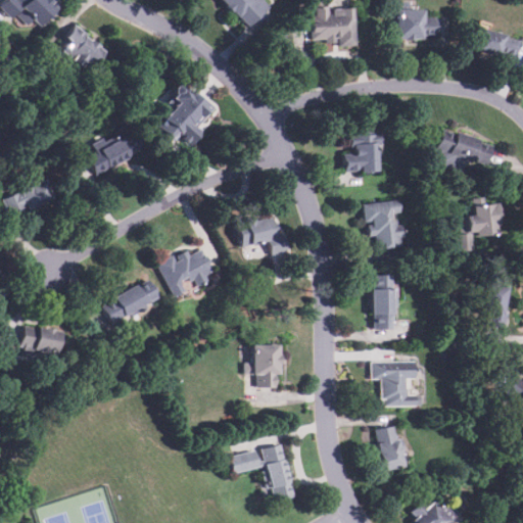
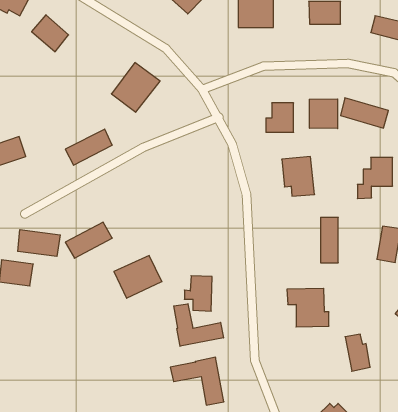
building: none -> [309,99,338,129]
building: [88,132,145,176] -> [65,129,112,165]
building: [239,215,285,254] -> none
building: [159,244,218,296] -> [114,256,162,298]
building: [374,275,395,330] -> [321,217,338,263]
building: none -> [18,230,60,256]
building: none -> [174,304,223,346]
building: [376,427,407,472] -> [345,334,370,371]

